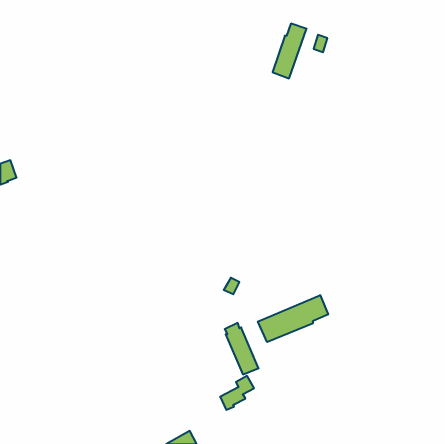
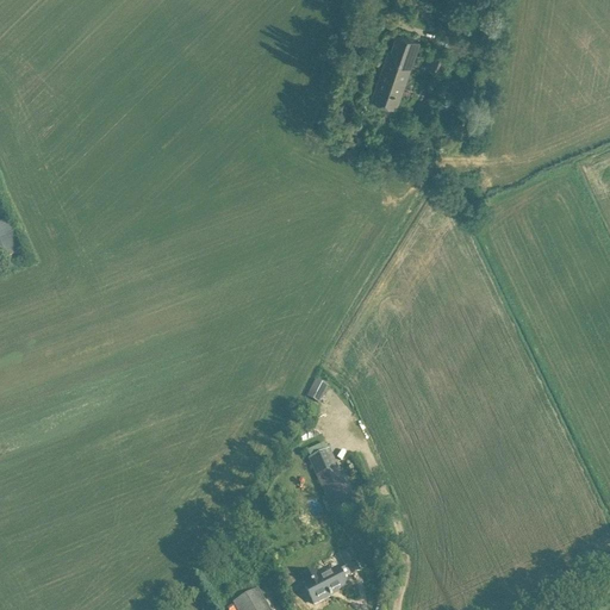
building: [258,295,328,342] -> none
building: [220,376,254,410] -> [313,553,360,599]

